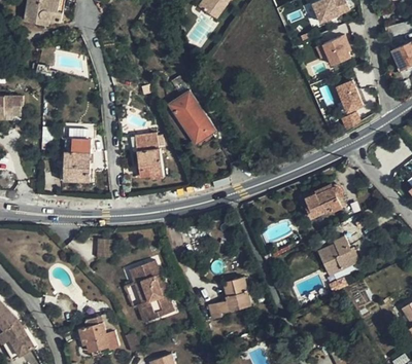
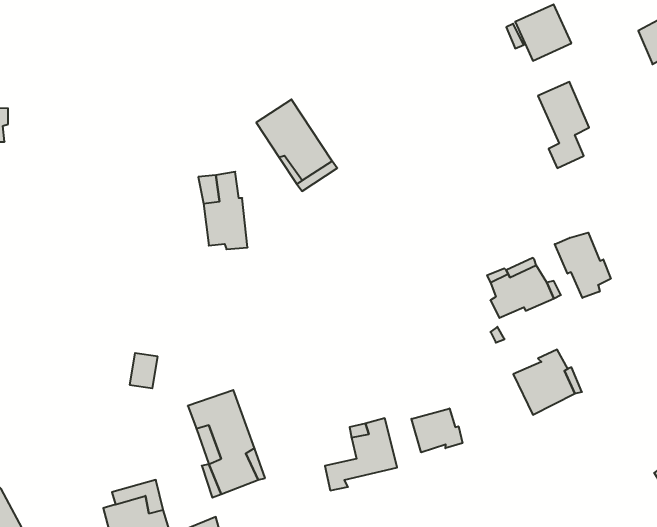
building: [59,139,91,181] -> none
building: none -> [555,233,611,298]
building: none -> [411,408,462,452]

